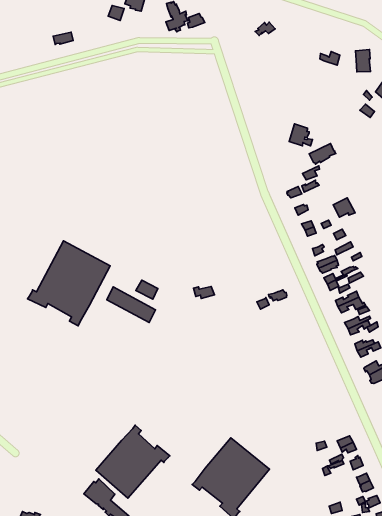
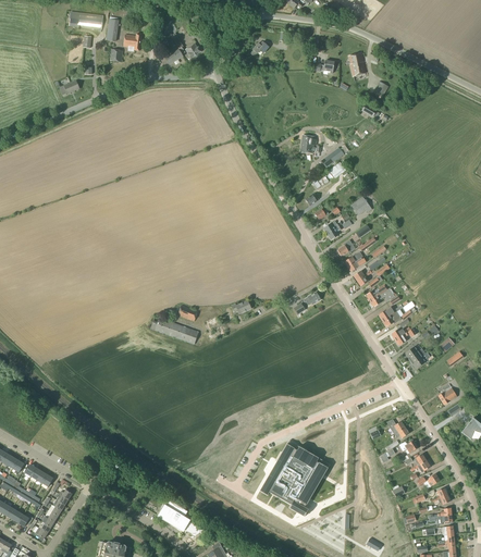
building: [28,241,110,326] -> none
building: [96,425,170,498] -> none

